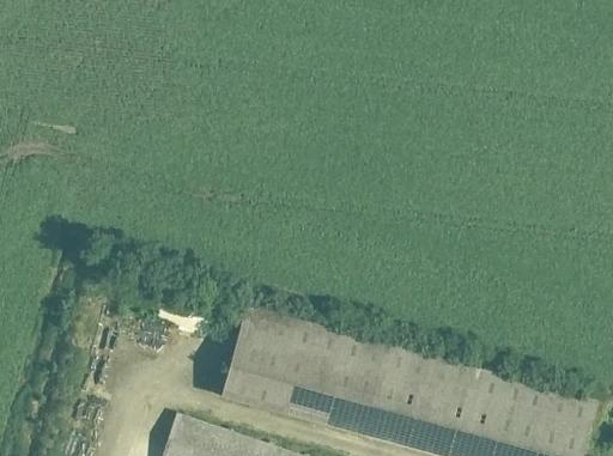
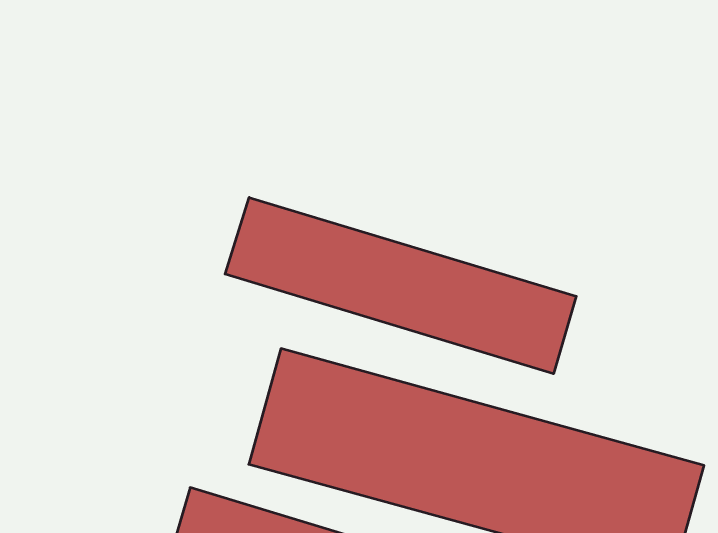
building: none -> [225,197,576,374]

